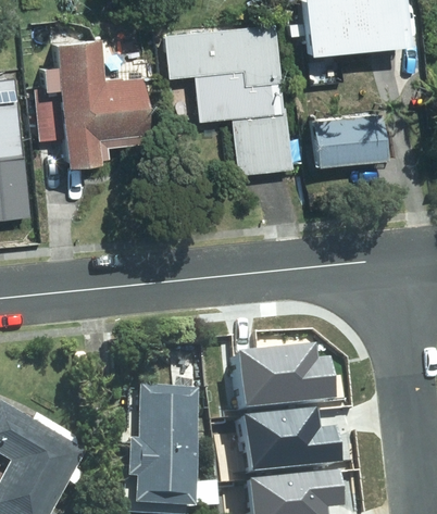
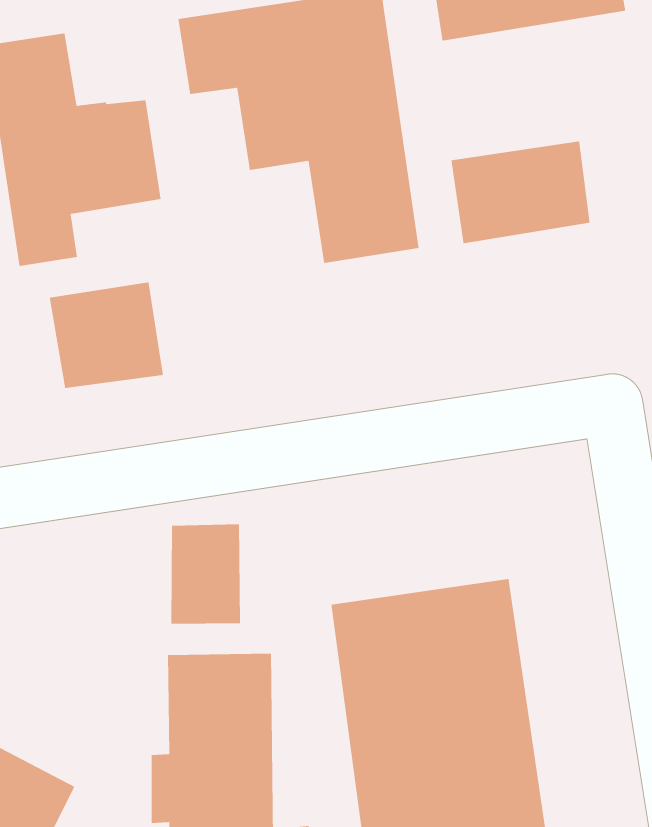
building: none -> [49,282,164,389]
building: none -> [171,523,241,624]

